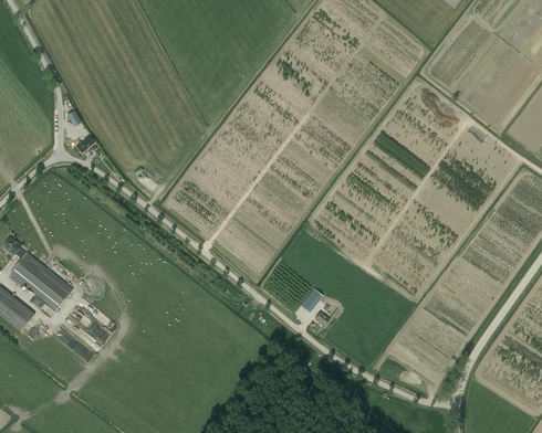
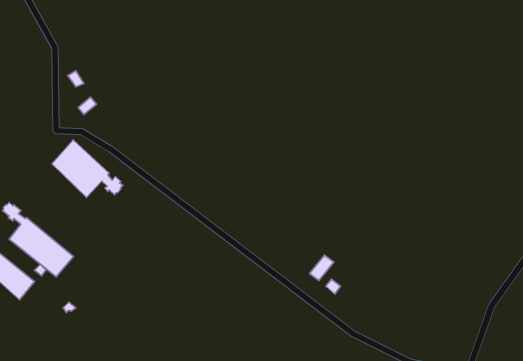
building: none -> [52,140,123,198]

